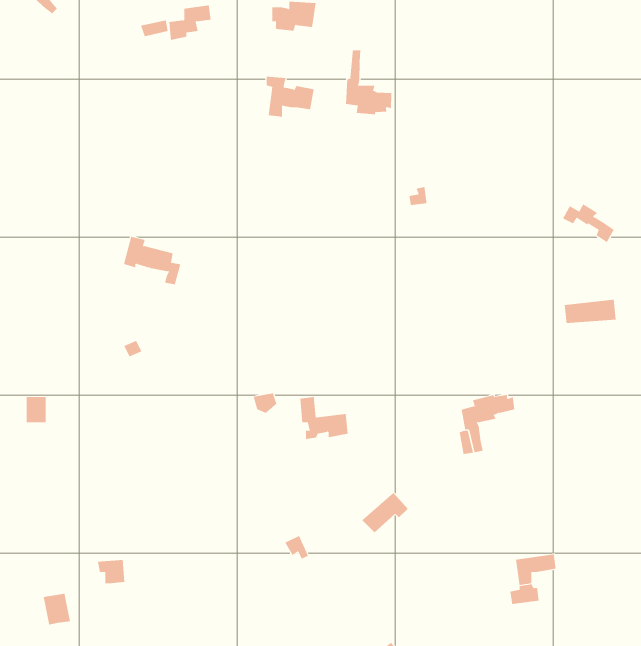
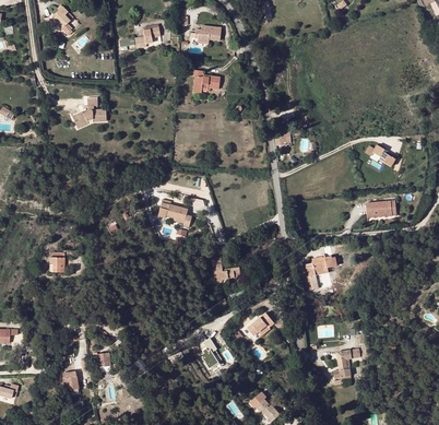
building: [346,50,392,115] -> none
building: none -> [72,97,105,127]
building: [123,236,181,285] -> [157,199,191,227]

